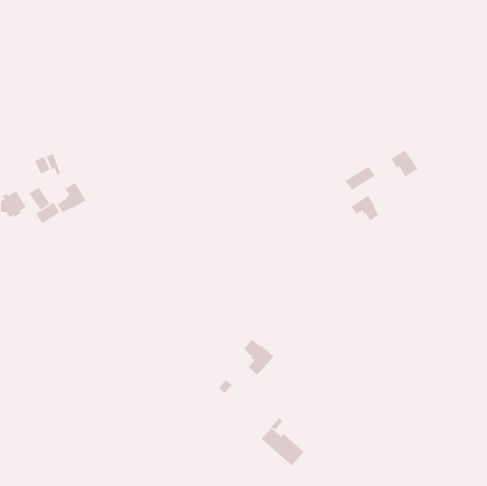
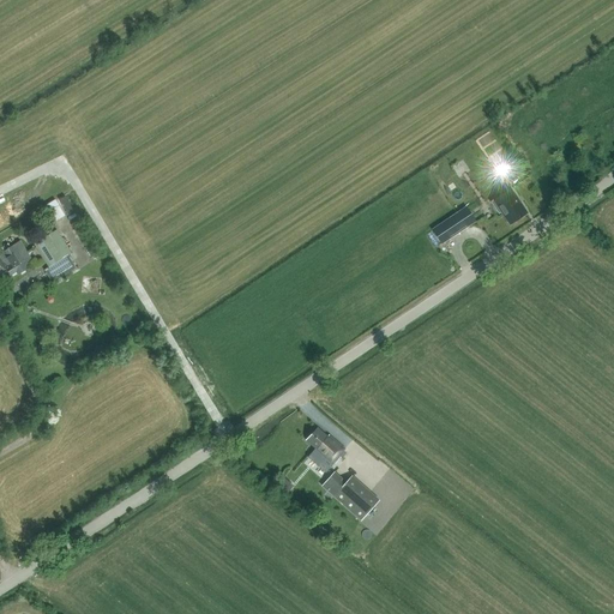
building: [57,182,87,213] -> none
building: [351,195,379,221] -> none
building: [261,427,305,466] -> [321,470,377,519]

